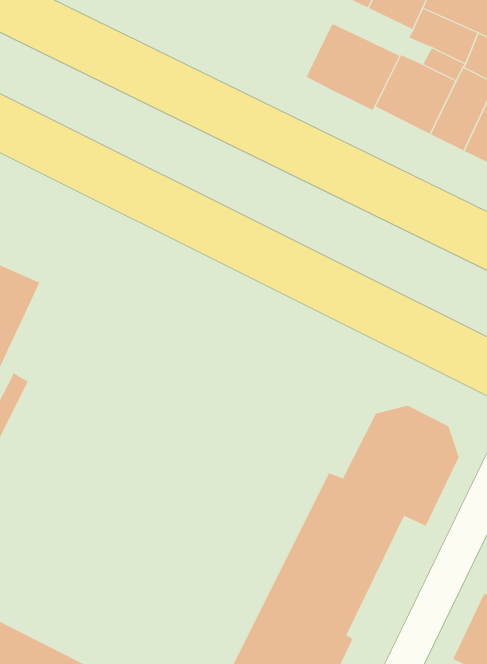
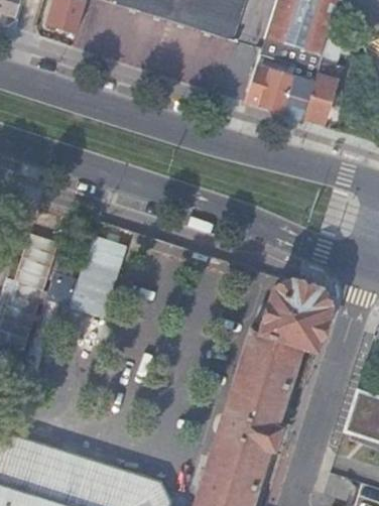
building: [306,23,400,111] -> none
building: none -> [56,216,126,323]

